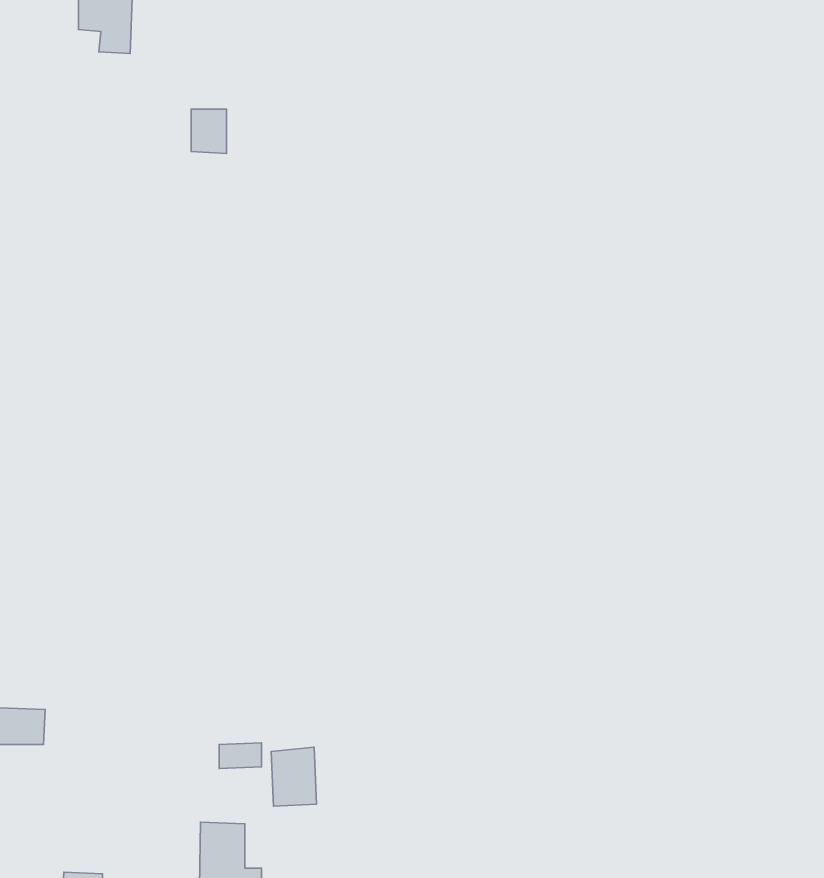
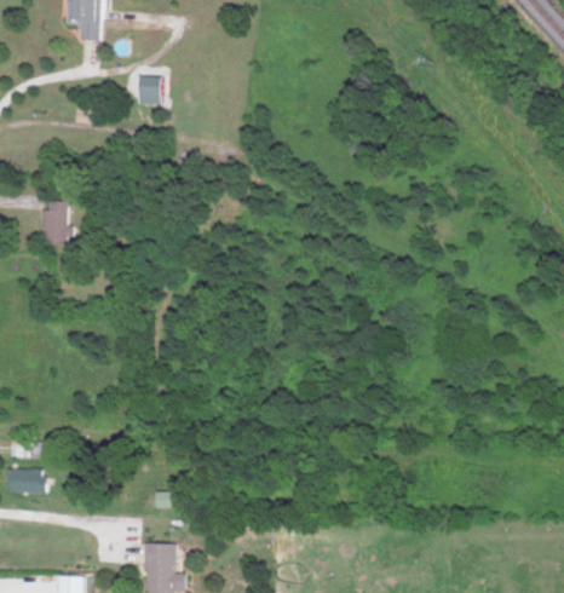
building: none -> [42,201,74,242]
building: [271,747,317,806] -> none

